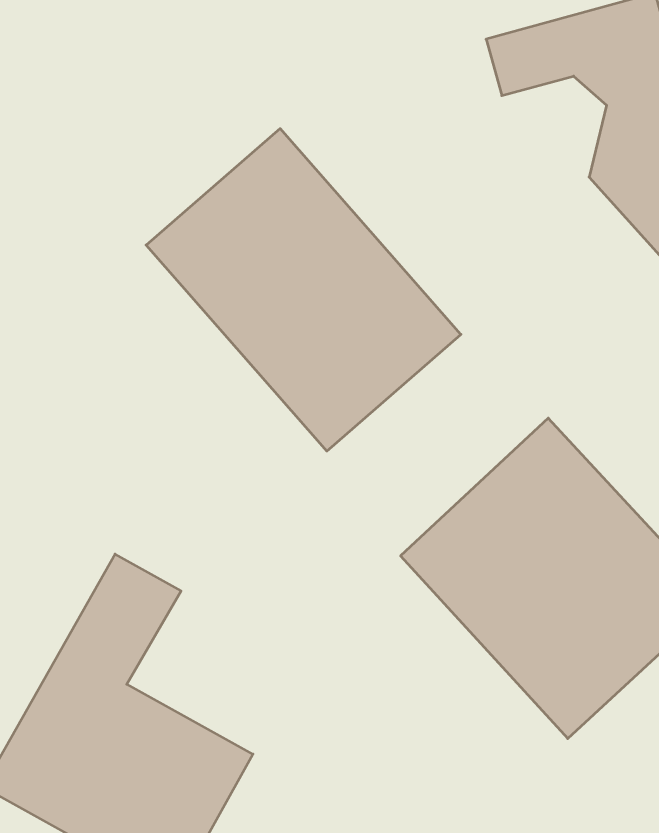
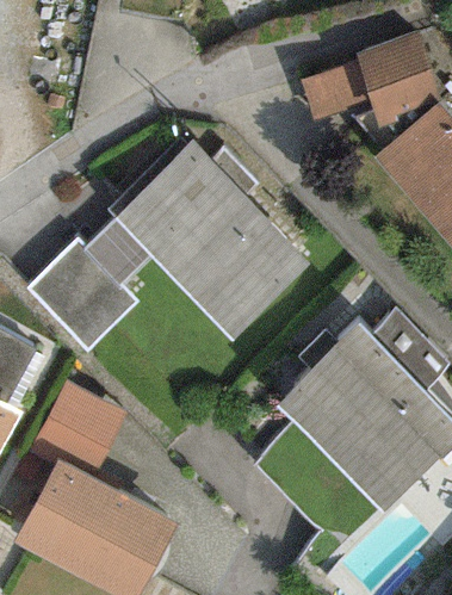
building: none -> [31,246,144,359]

